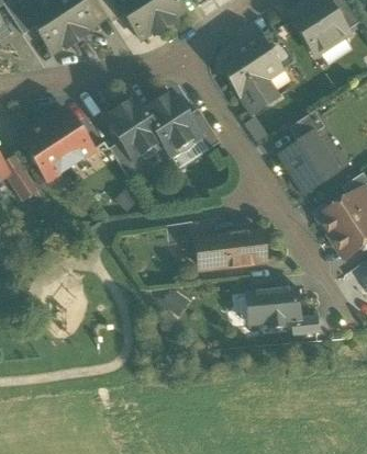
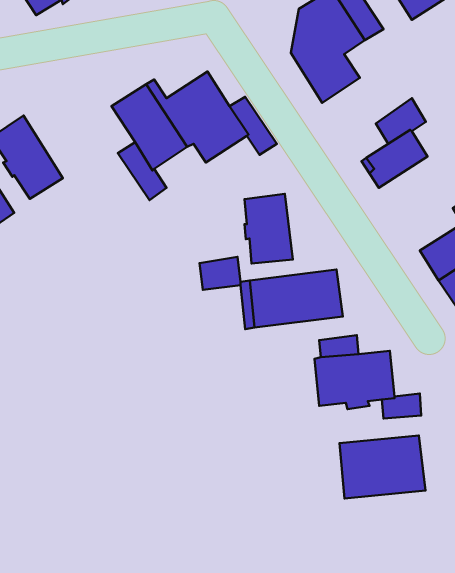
building: [43,109,93,167] -> none
building: [291,151,334,193] -> none
building: none -> [244,194,293,263]
building: none -> [339,435,425,499]

